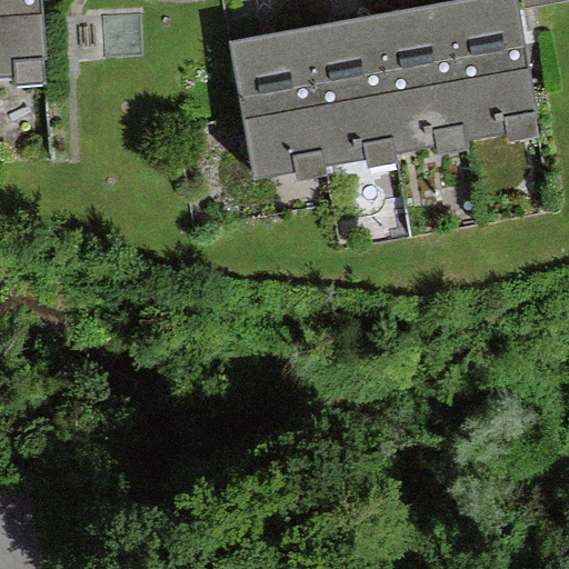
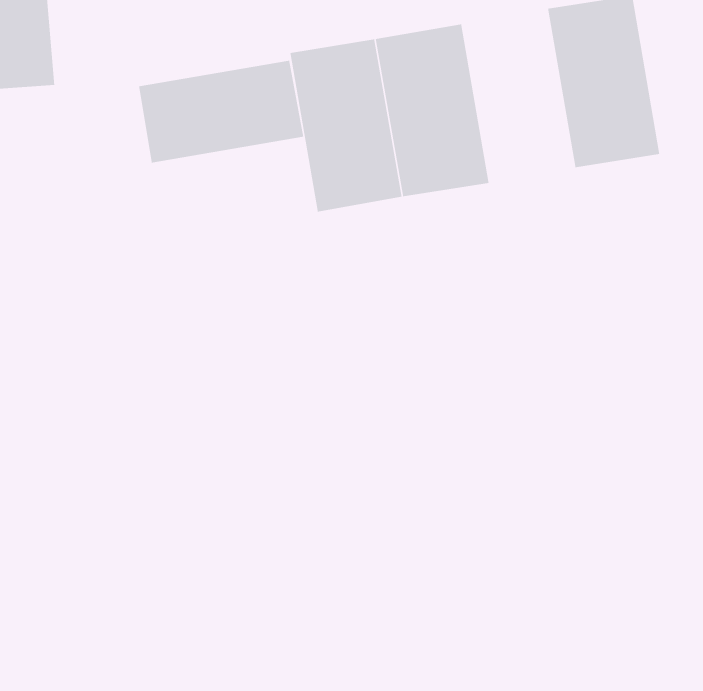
building: [372,7,463,148] -> none
building: none -> [138,60,304,164]

